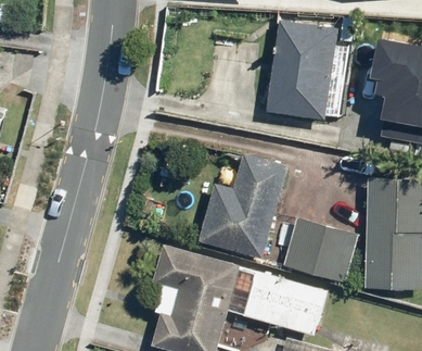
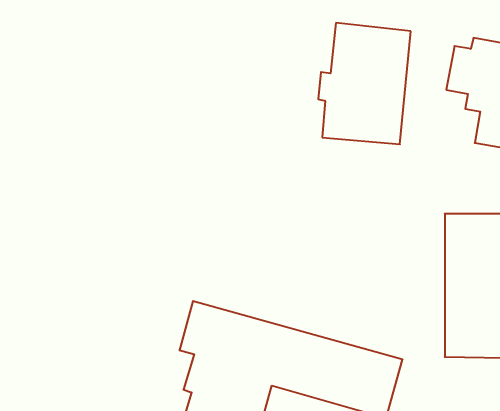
building: [199,150,290,259] -> none
building: [282,216,358,283] -> none

